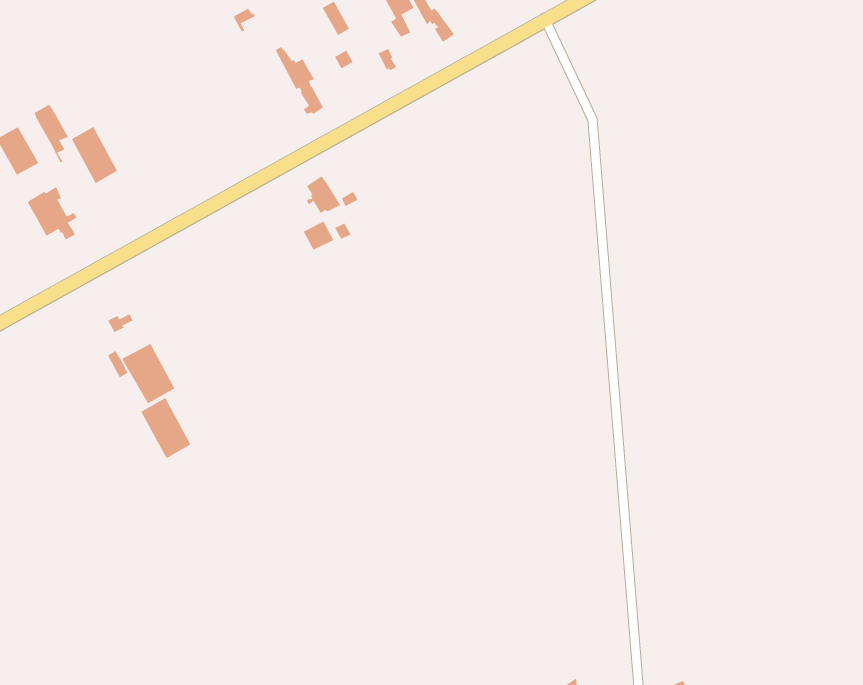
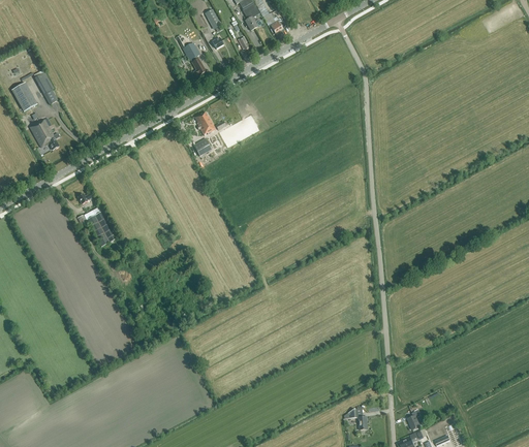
building: [71,126,118,184] -> none
building: [141,397,191,459] -> none

